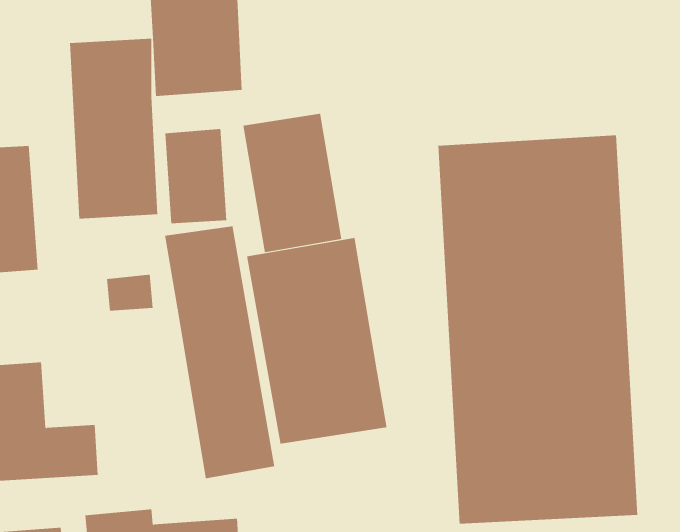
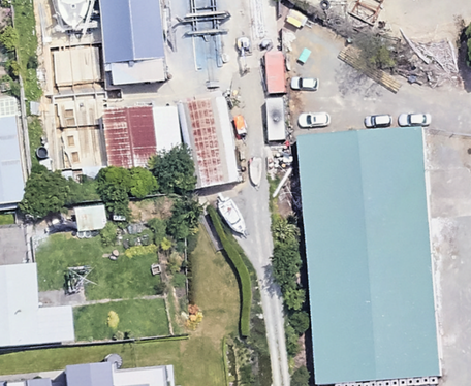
building: [165,225,275,479] -> none
building: [246,237,387,445] -> none

